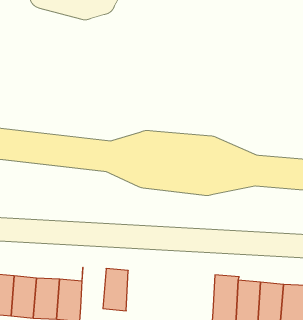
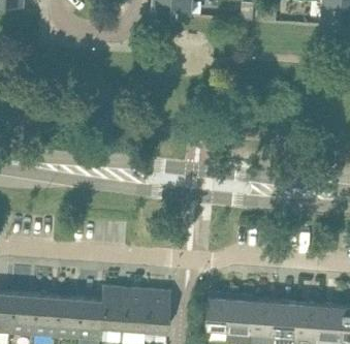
building: none -> [100,286,125,326]
building: none -> [145,289,170,331]
building: none -> [206,292,231,330]

